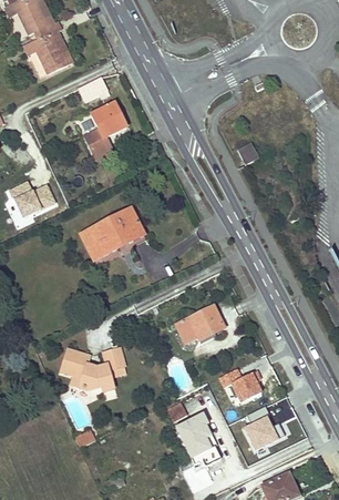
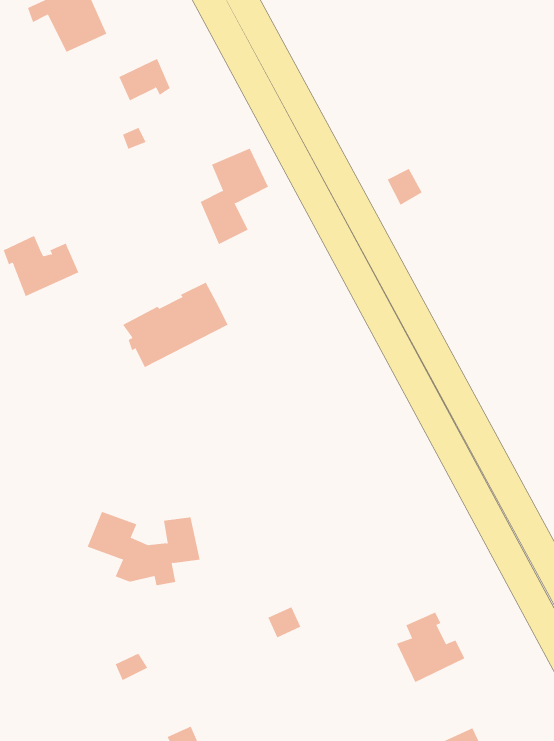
building: [84,103,125,161] -> [200,148,269,245]
building: [176,305,224,343] -> none
building: [218,367,263,400] -> none
building: [175,412,219,465] -> none

